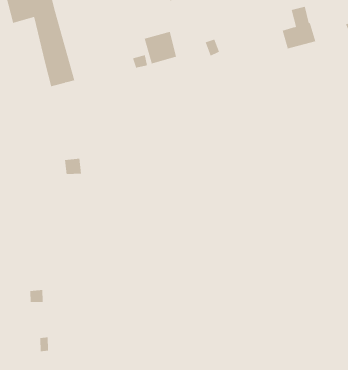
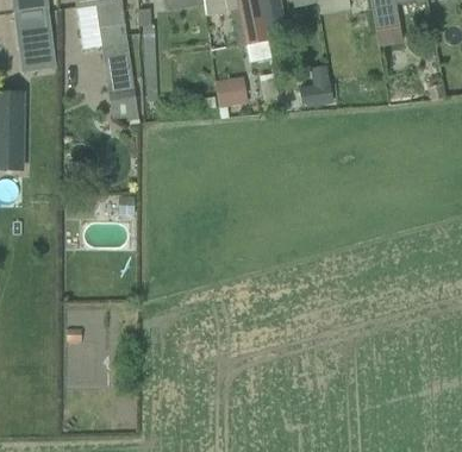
building: [282,6,316,49] -> [299,63,333,106]

